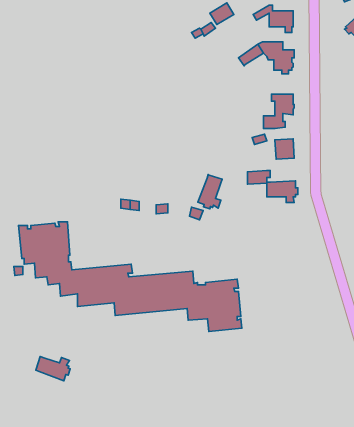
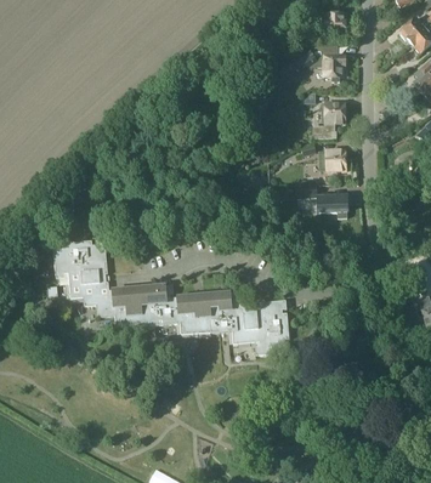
building: [198,175,222,209] -> none
building: [36,356,70,381] -> none

